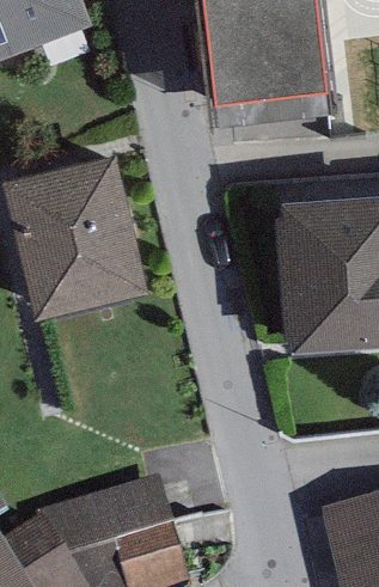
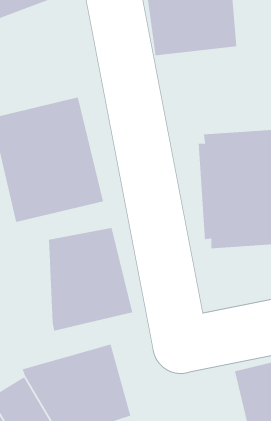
building: none -> [49,227,133,331]

